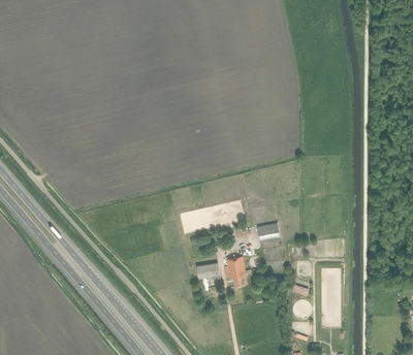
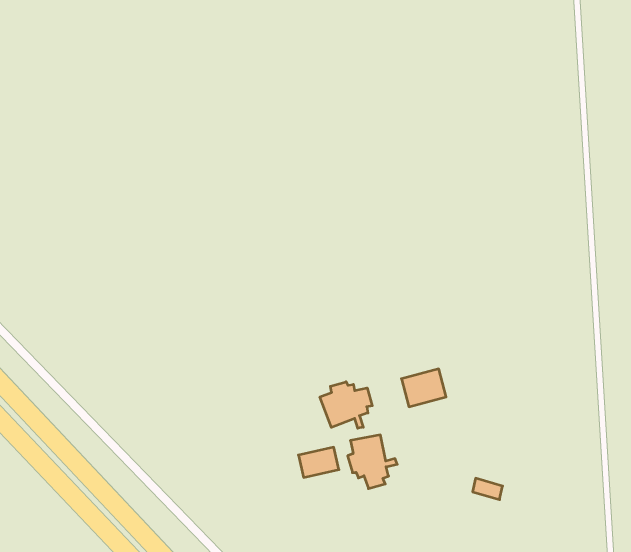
building: none -> [320,382,372,428]

